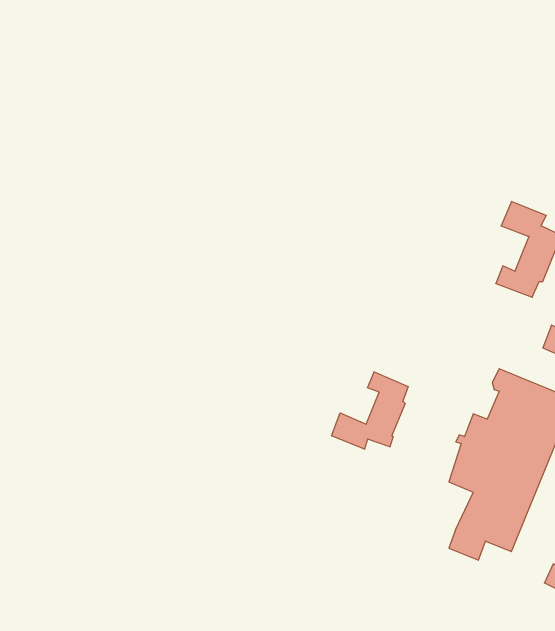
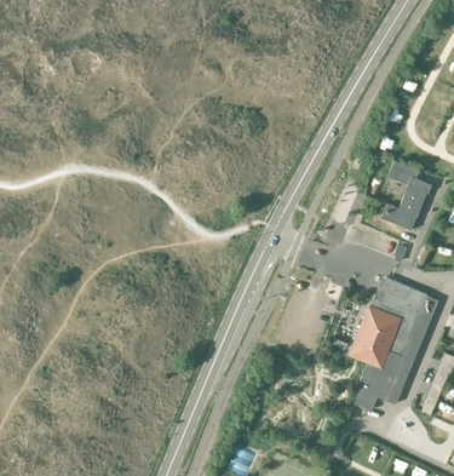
building: [332,372,408,449] -> none

